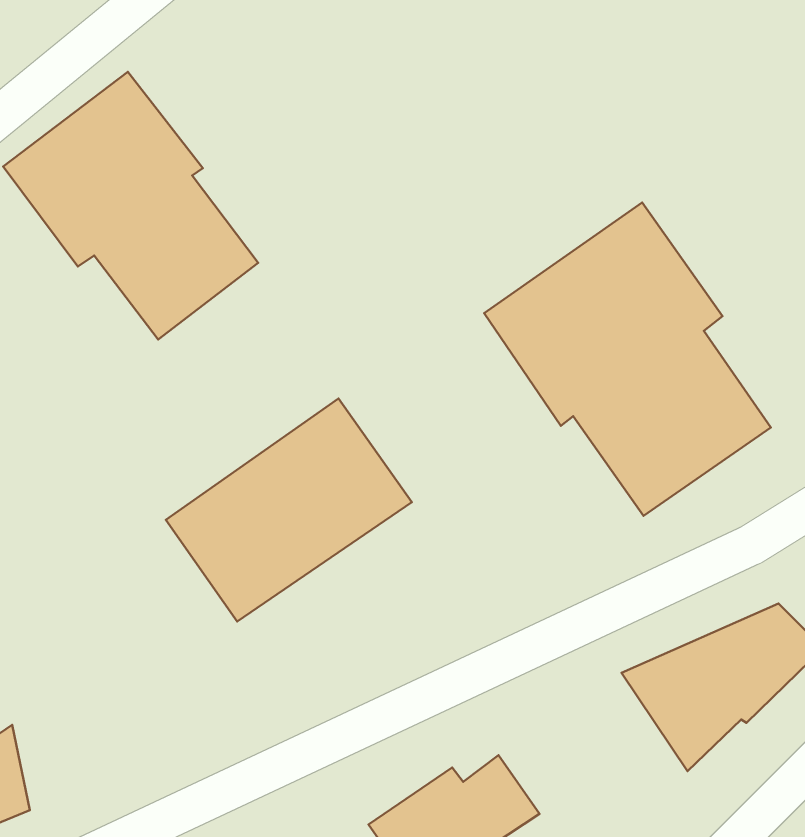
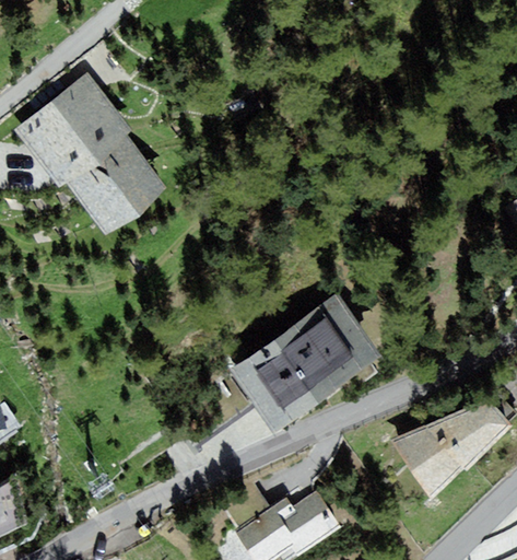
building: [484,203,771,516] -> none
building: [166,399,412,622] -> [232,293,383,430]

